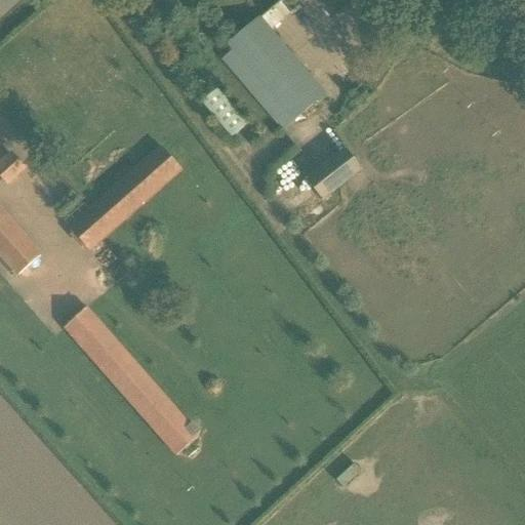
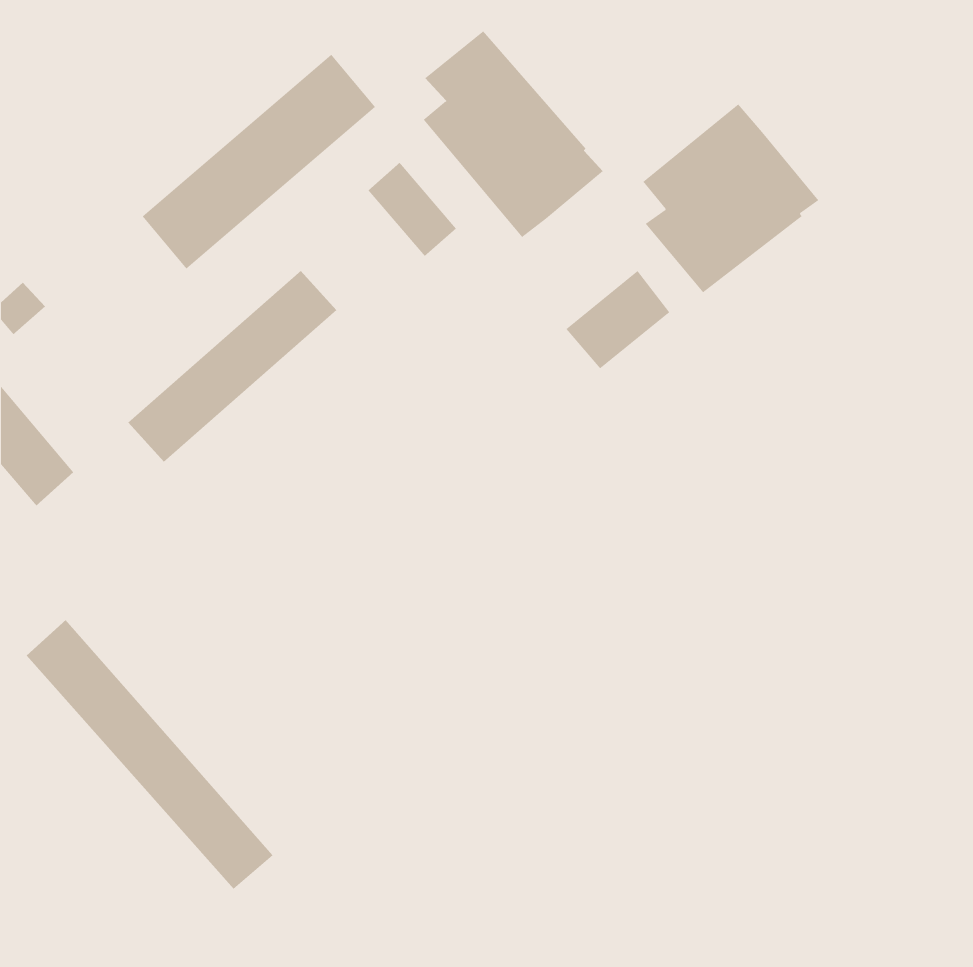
building: none -> [142,54,376,269]
building: none -> [643,103,819,293]
building: [65,307,198,452] -> [26,619,273,889]

